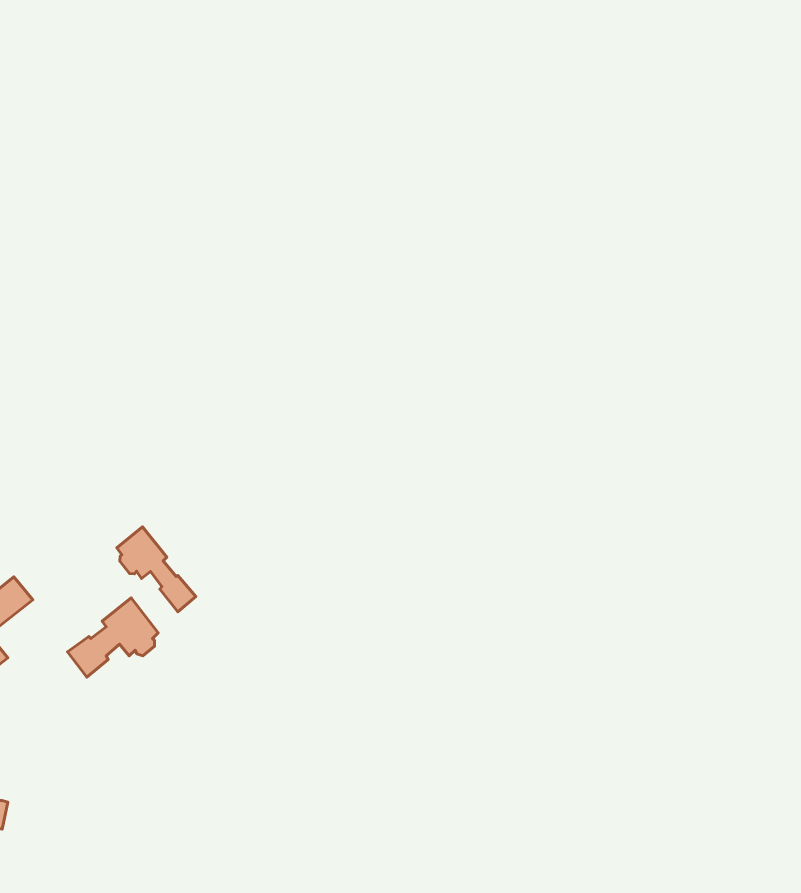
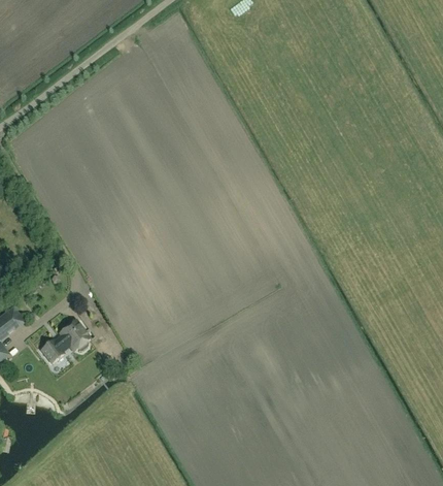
building: [117,527,196,612] -> none

